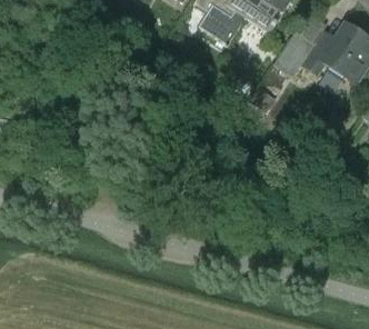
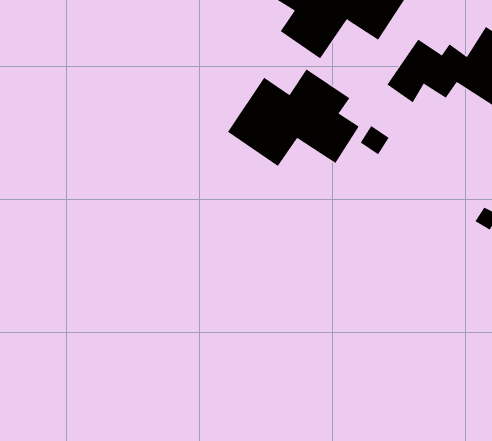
building: none -> [227,68,360,167]

